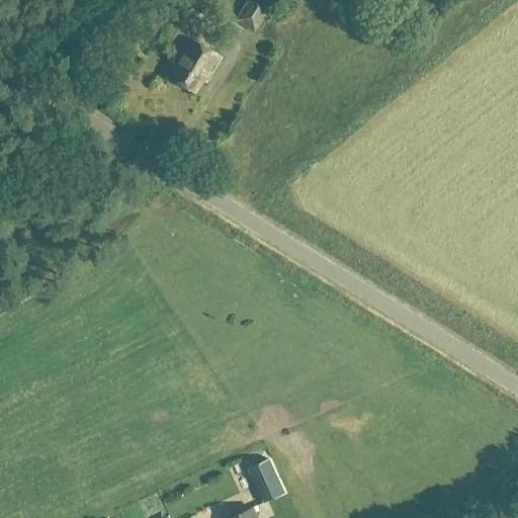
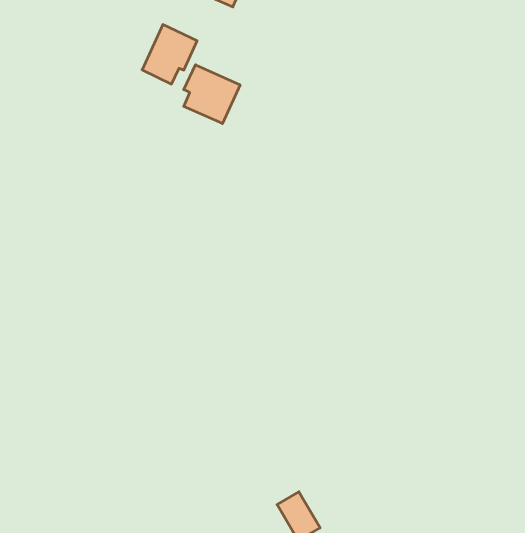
building: none -> [184,65,240,124]

